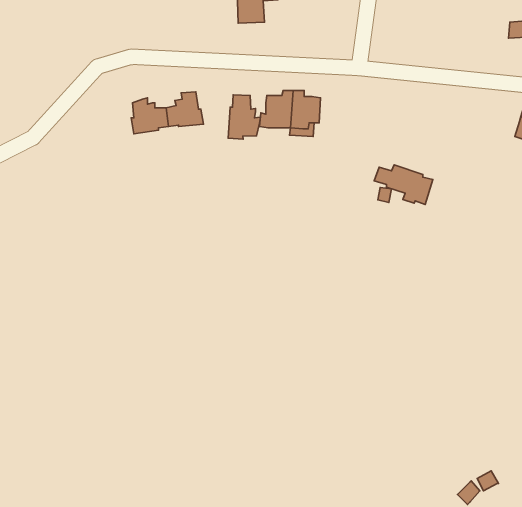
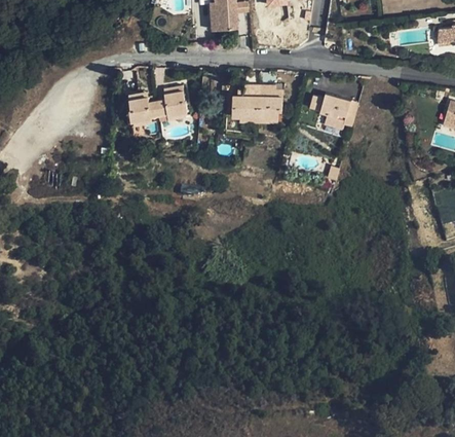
building: [228,95,260,139] -> none
building: [374,165,433,204] -> [310,95,358,128]

